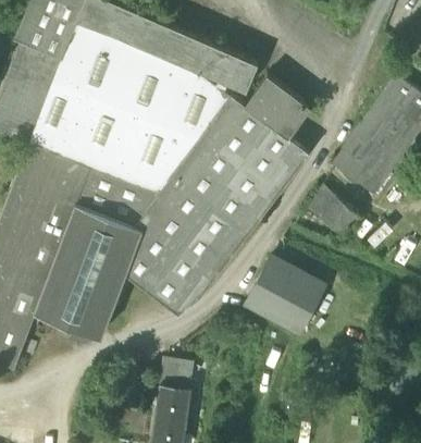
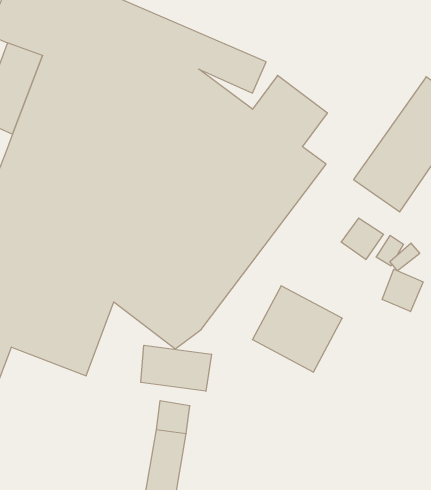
building: [304,186,337,221] -> none
building: none -> [382,269,423,312]
building: none -> [141,345,211,391]

